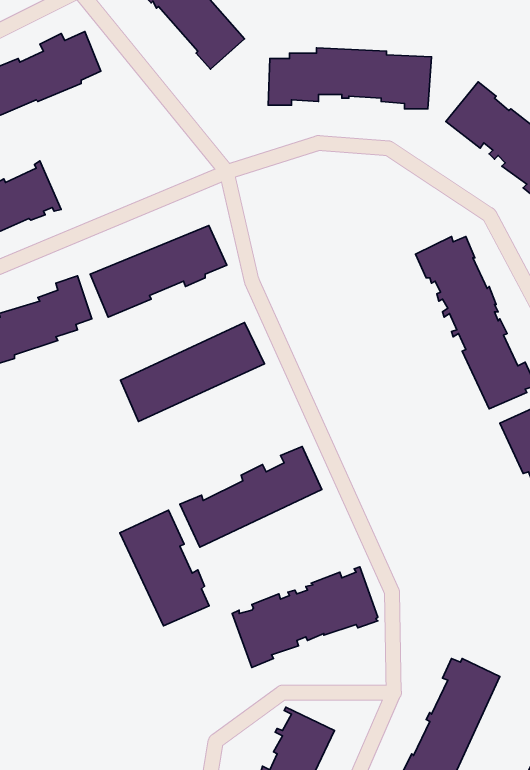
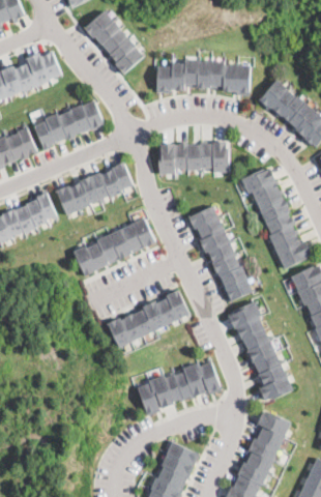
building: none -> [34,101,104,150]
building: none -> [158,142,230,174]
building: none -> [188,206,253,302]
building: none -> [229,301,294,401]
building: [120,510,209,626] -> none

